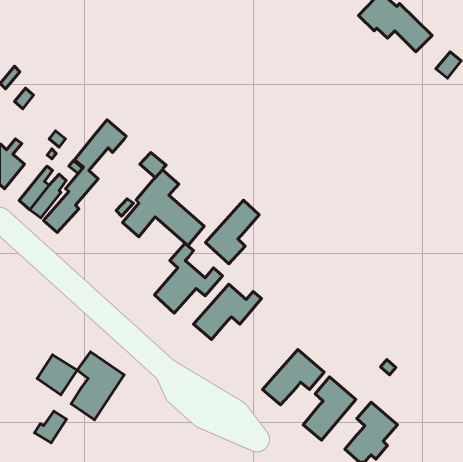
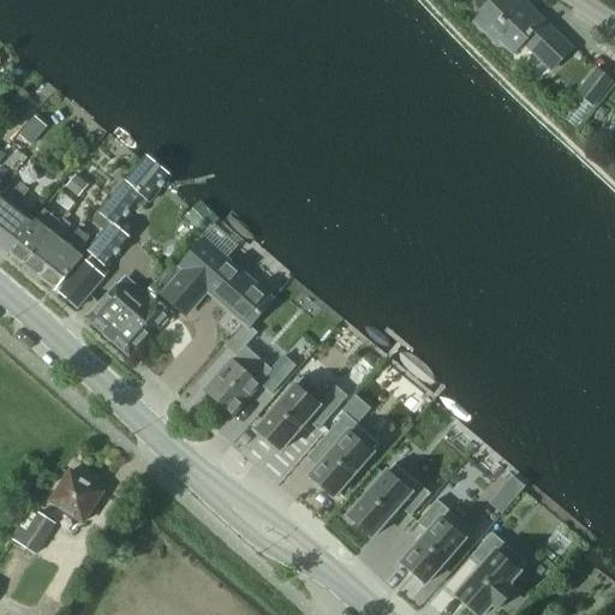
building: none -> [6,209,60,265]
building: [206,200,259,264] -> none
building: none -> [86,285,172,354]
building: none -> [309,412,380,496]
building: [71,352,124,420] -> none
building: [35,411,66,443] -> [13,512,55,554]

